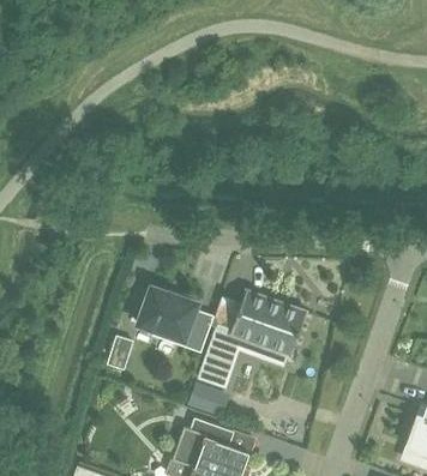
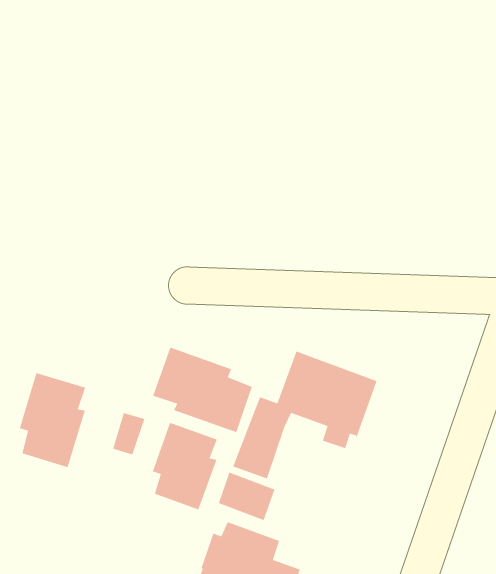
building: none -> [19,372,86,468]
building: none -> [152,422,218,511]

